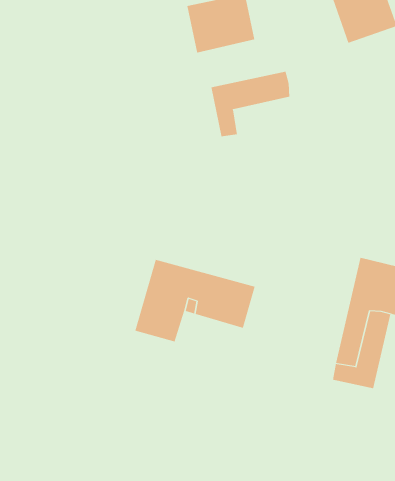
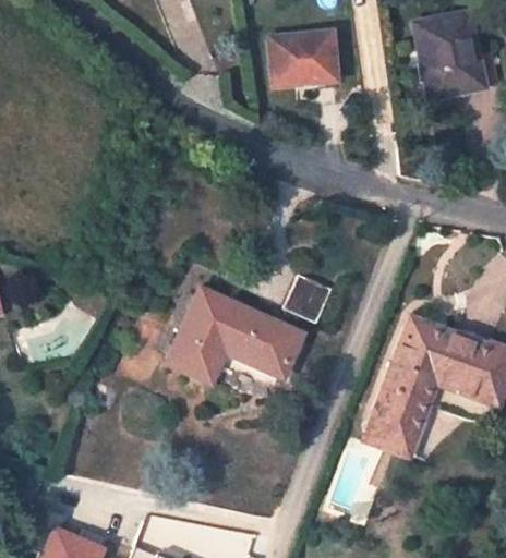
building: [211,71,290,137] -> none
building: none -> [285,275,330,322]

